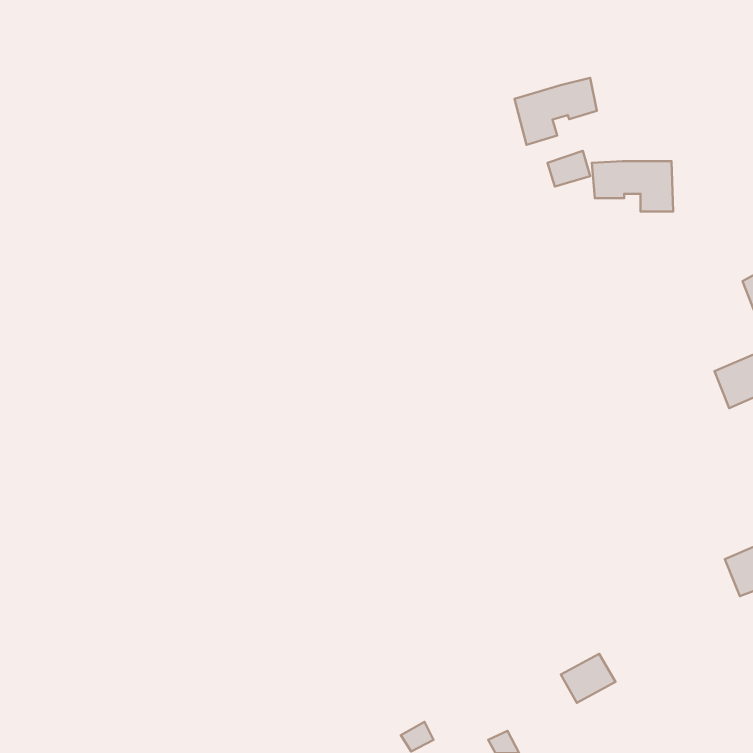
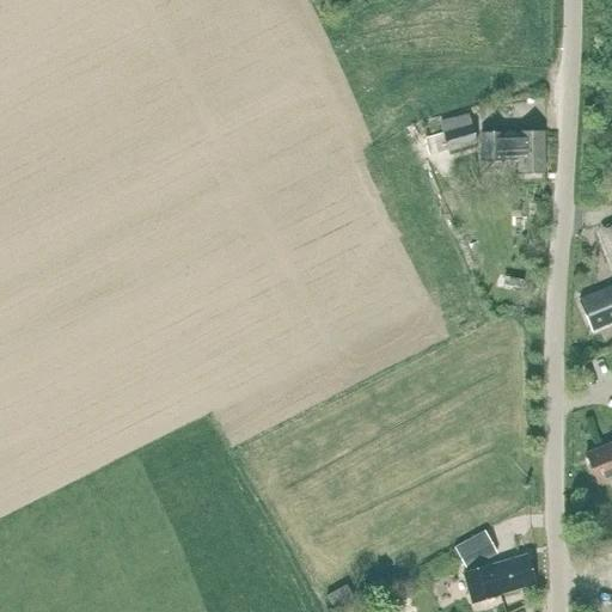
building: [514,78,597,145] -> none
building: none -> [464,553,537,601]

